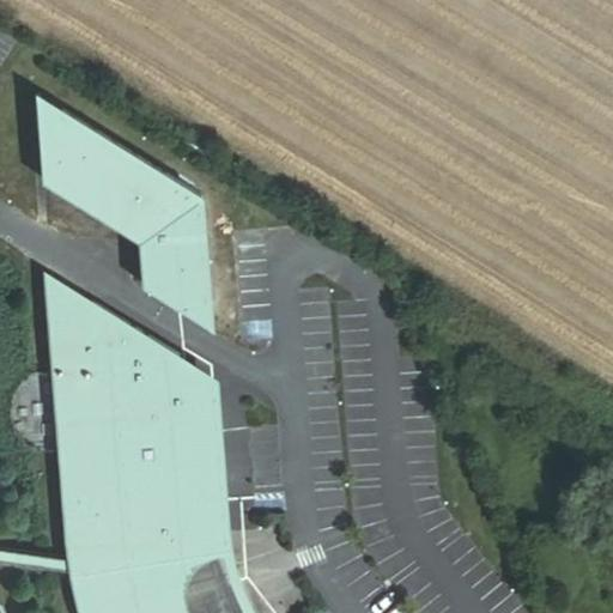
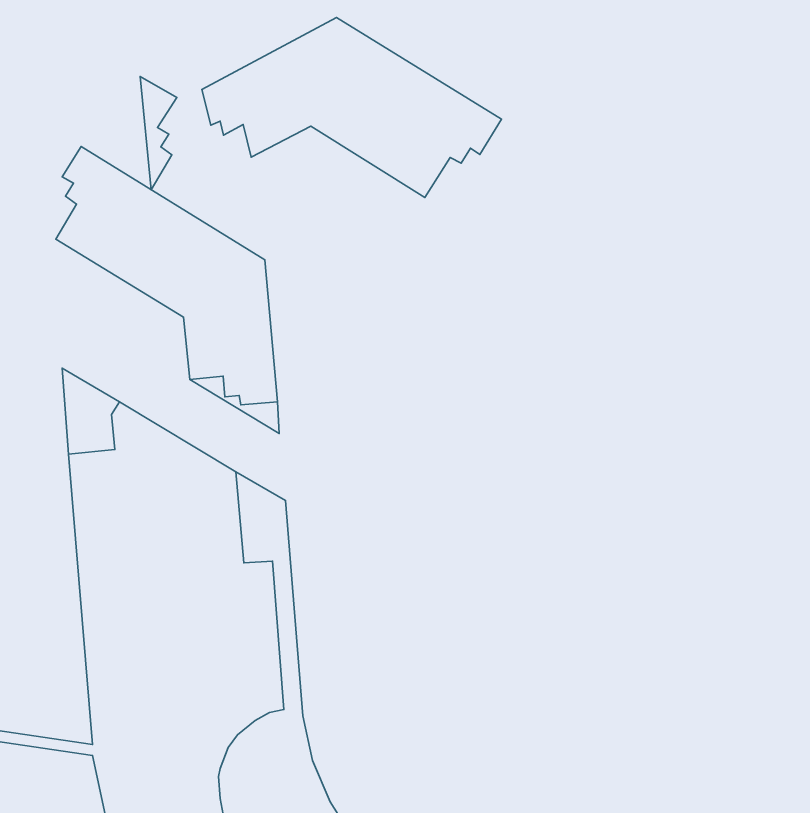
building: none -> [202,17,502,197]
building: [34,96,61,181] -> [140,77,177,190]

